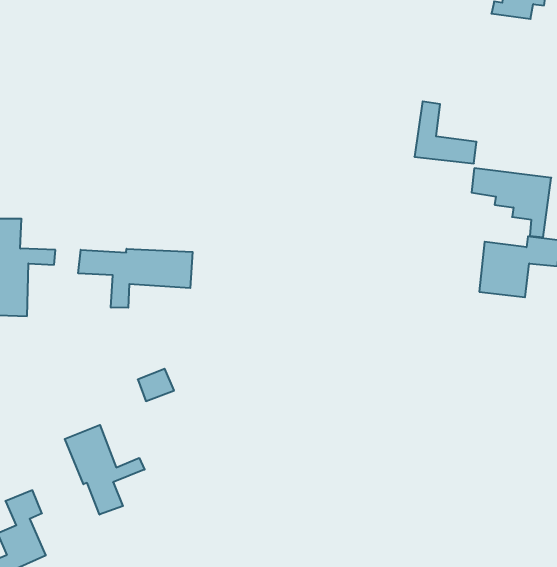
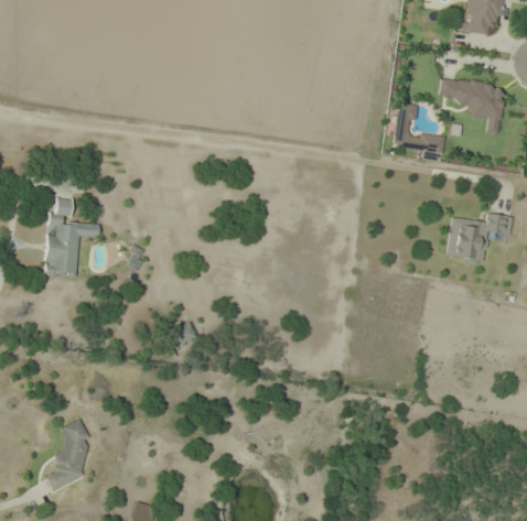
building: [472,168,551,237] -> [440,76,505,132]
building: [78,249,193,308] -> none
building: [65,425,145,515] -> none

